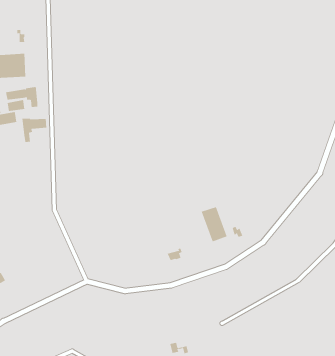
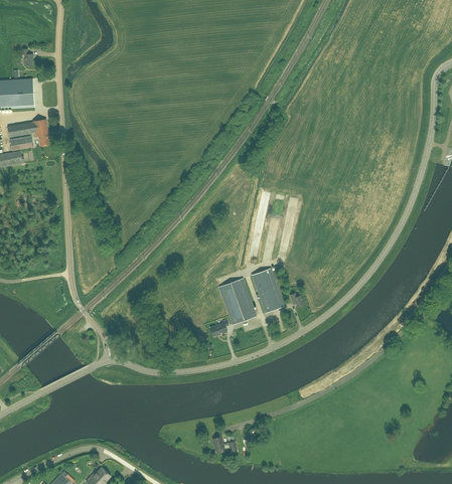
building: [22,118,47,143] -> none
building: none -> [217,278,256,324]

